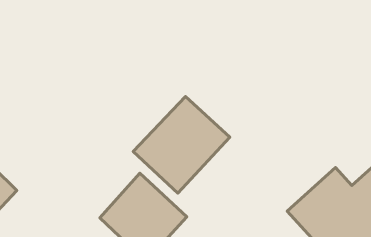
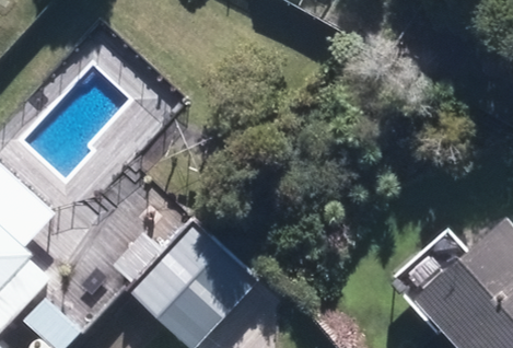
building: [133,97,230,193] -> none

